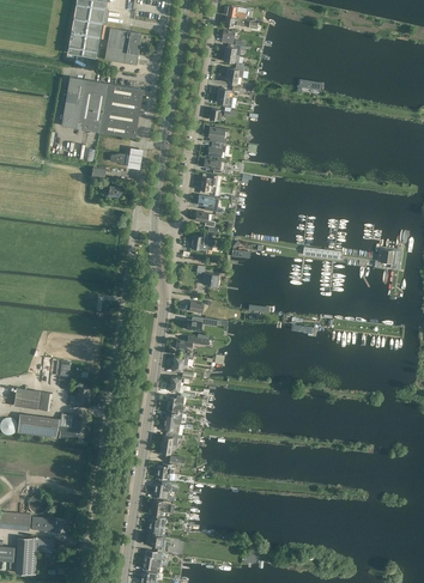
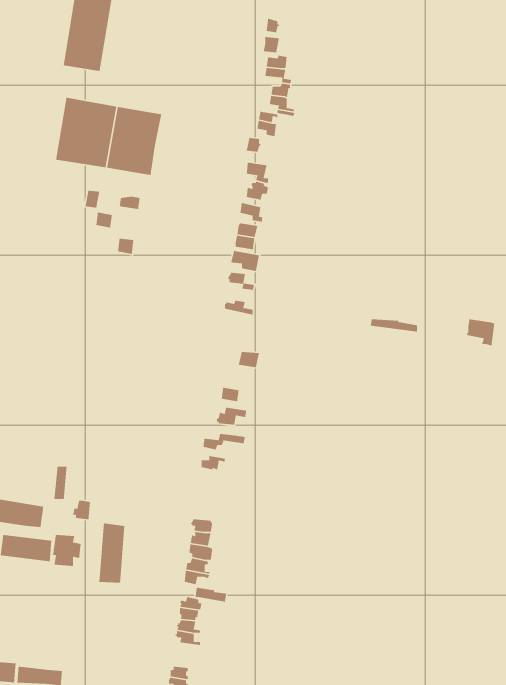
building: [104,28,141,65] -> none
building: none -> [99,522,125,584]

